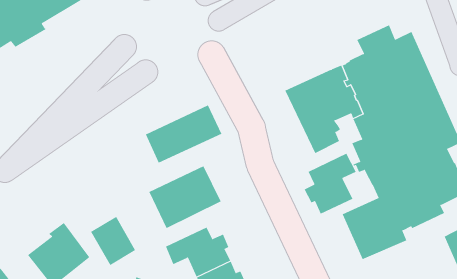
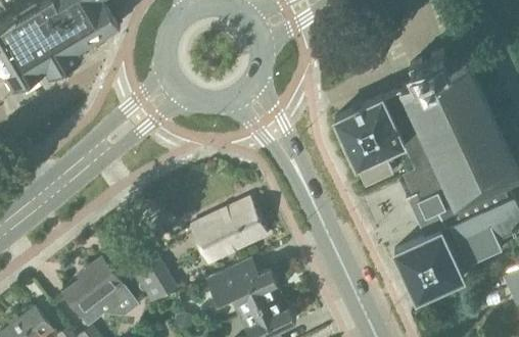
building: [145,104,222,163] -> none
building: [304,153,356,215] -> none

